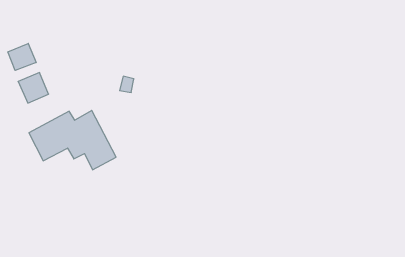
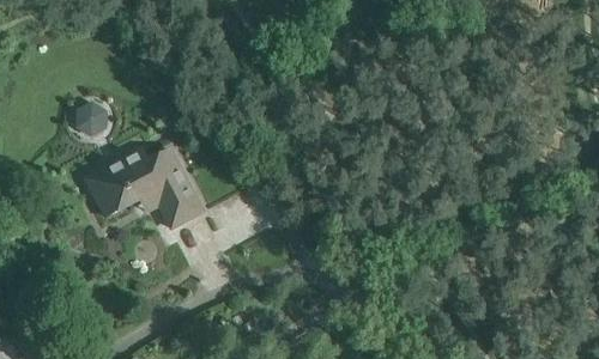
building: [8,43,36,70] -> none

